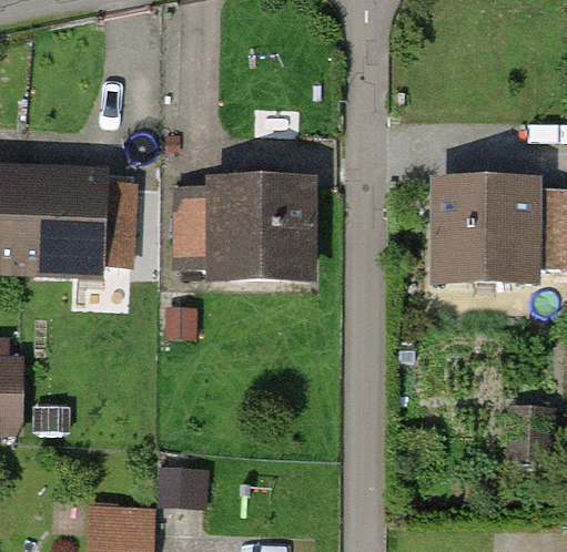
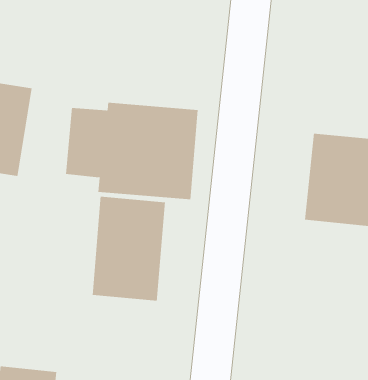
building: none -> [92,196,165,301]

